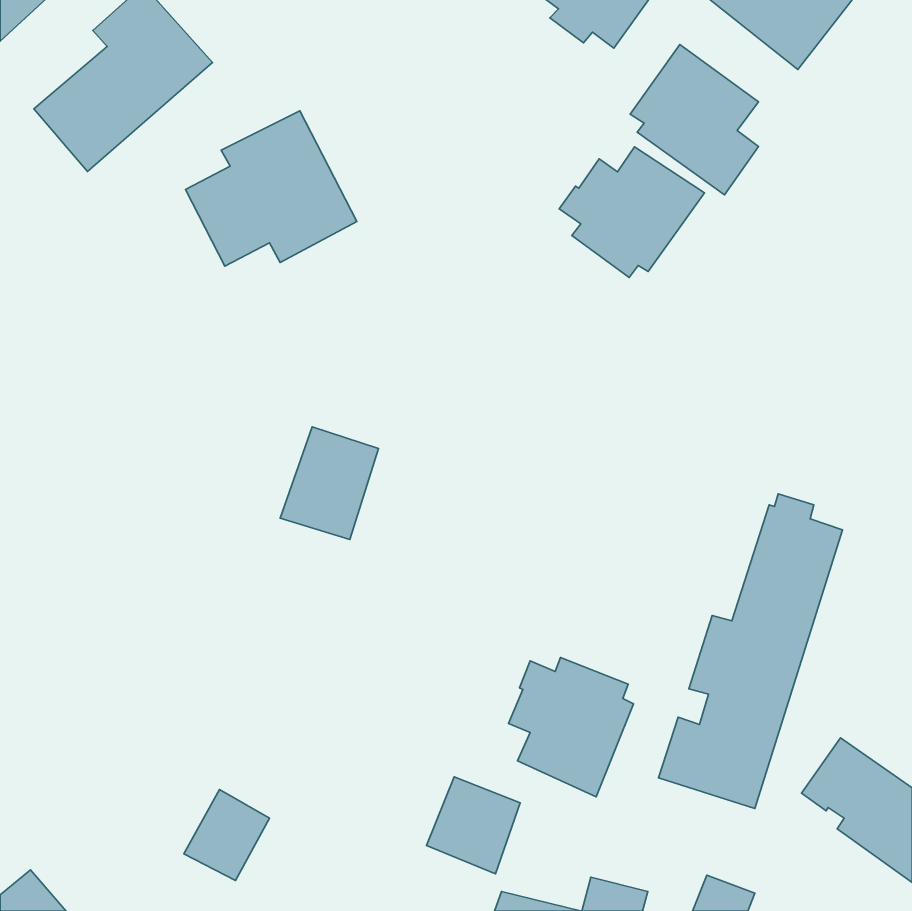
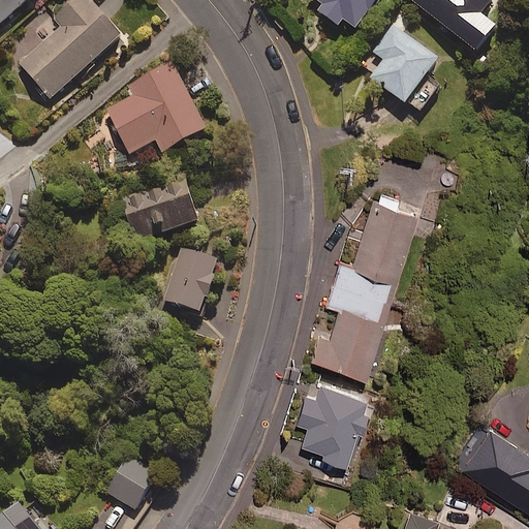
building: [559,147,705,277] -> none
building: none -> [123,182,198,240]
building: [659,494,842,808] -> [309,190,415,372]
building: [427,777,520,874] -> none

